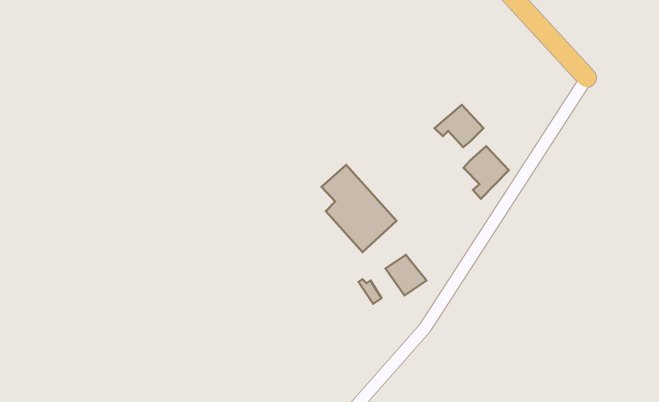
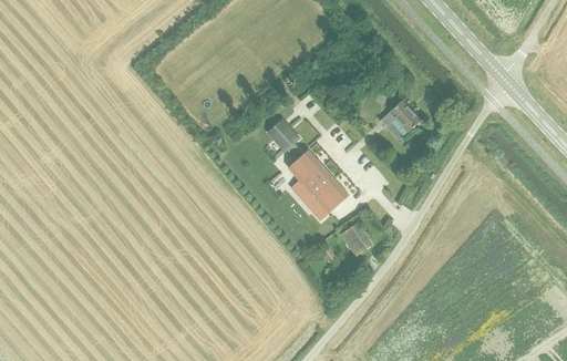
building: none -> [267,118,298,151]
building: [463,146,509,199] -> none

